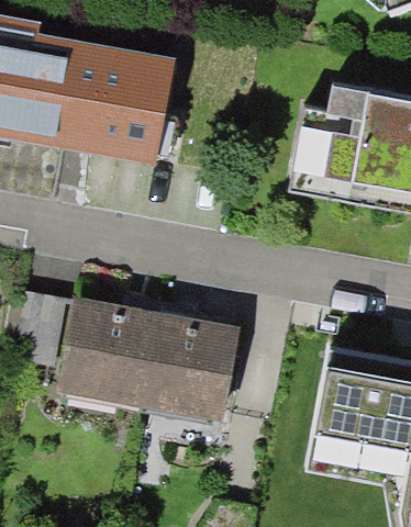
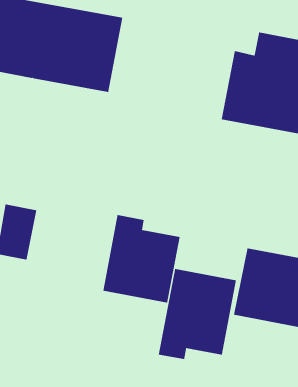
building: [66,300,164,400] -> none
building: none -> [158,268,237,360]

